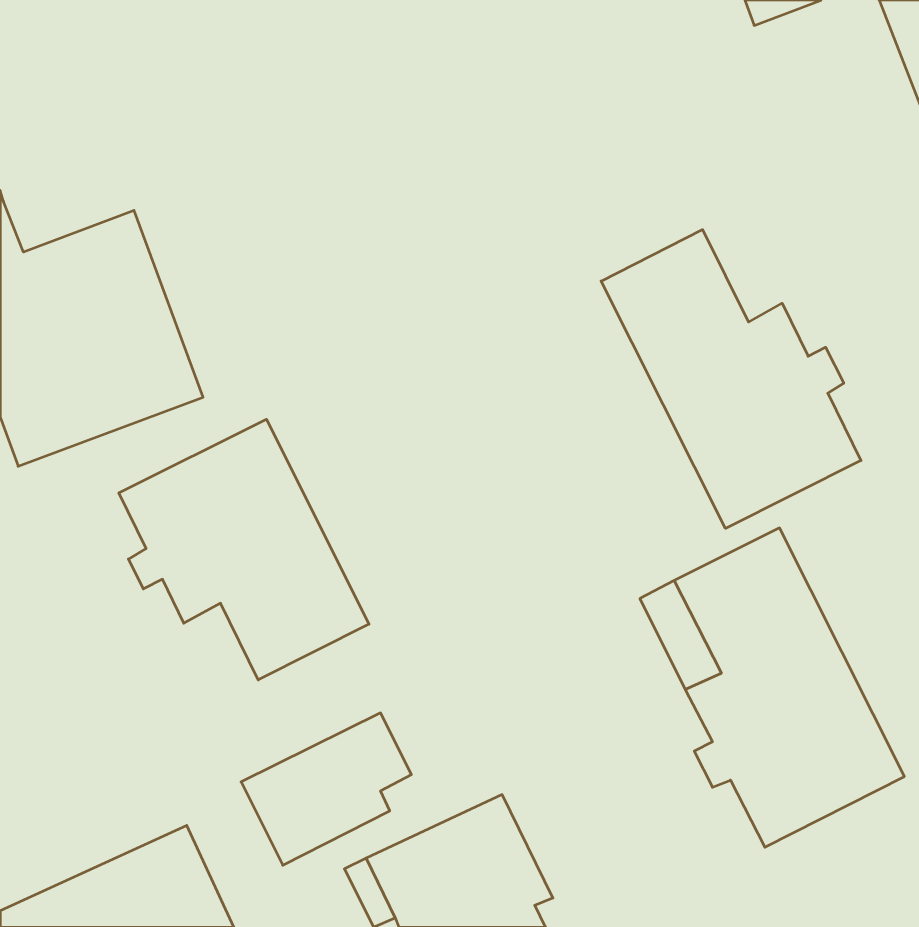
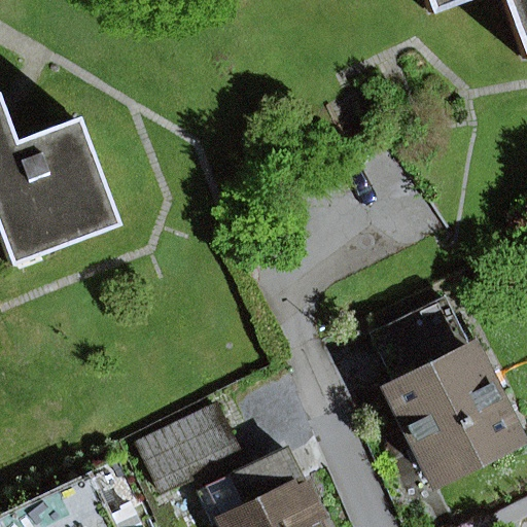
building: [601,230,861,528] -> none
building: [119,419,369,680] -> none

